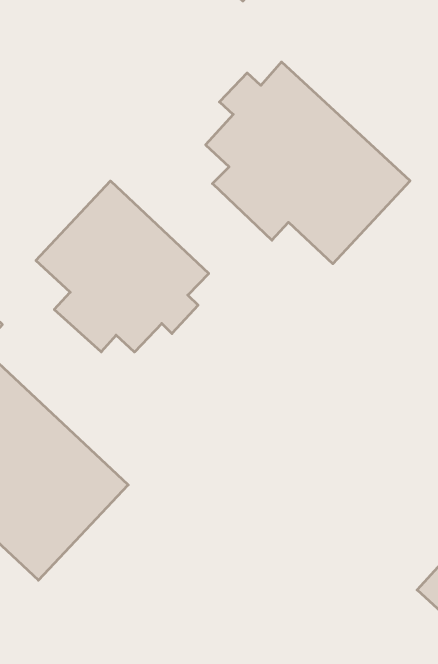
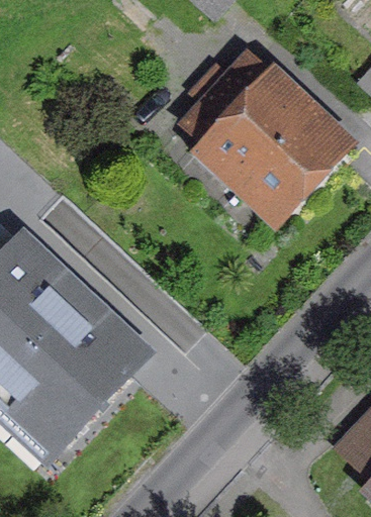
building: [36,181,209,352] -> none

